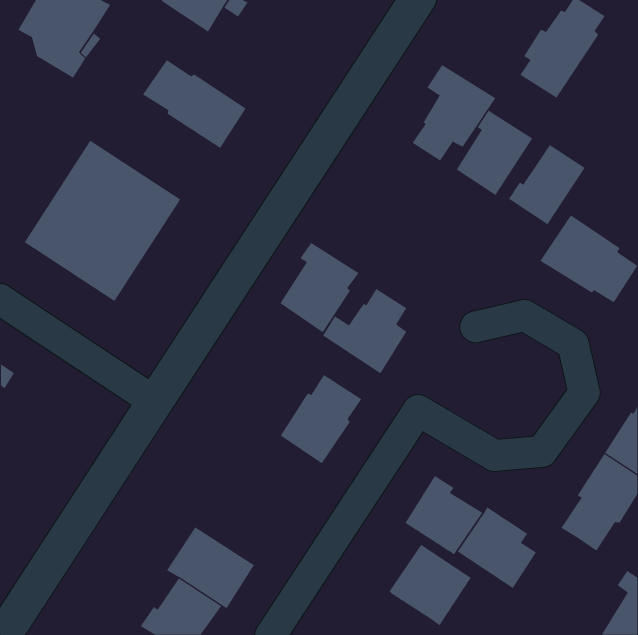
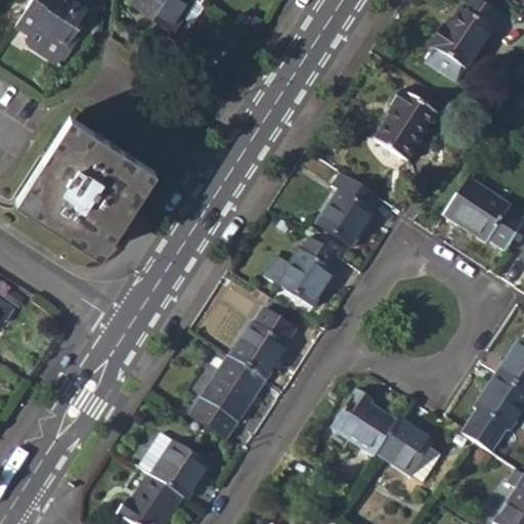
building: [142,59,246,149] -> none
building: [412,64,496,161] -> none
building: [508,144,585,225] -> none
building: [280,242,359,333] -> [315,172,381,247]
building: none -> [188,356,264,441]
building: [389,544,472,626] -> none

